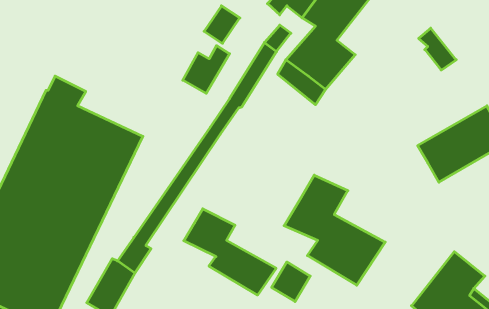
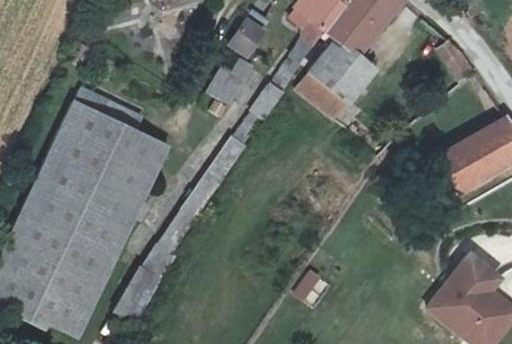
building: [284,175,385,285] -> none
building: [184,209,276,295] -> none

